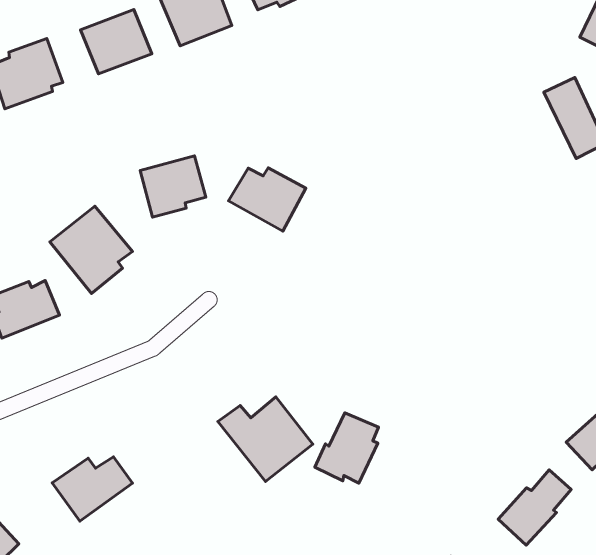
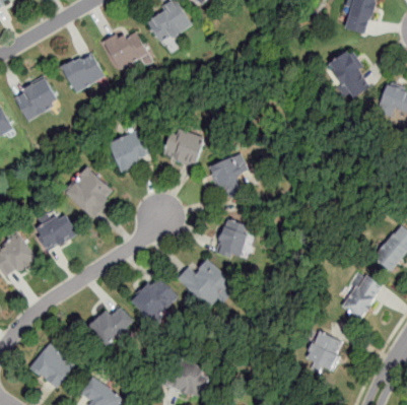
building: none -> [210,153,249,197]
building: none -> [131,275,178,322]
building: [315,413,379,483] -> [214,219,248,258]

